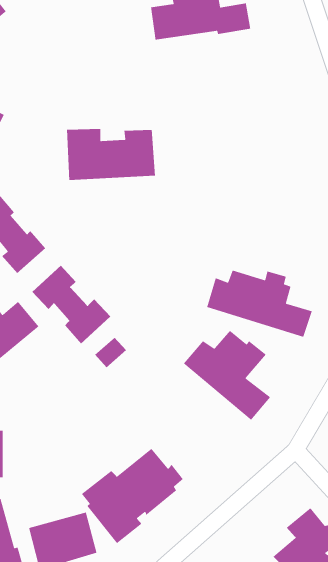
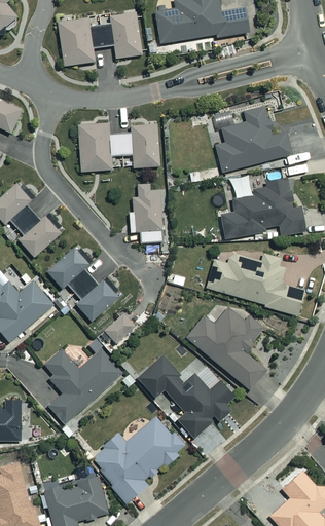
building: none -> [58,11,142,66]
building: none -> [216,107,292,173]
building: none -> [220,179,304,238]
building: none -> [129,183,162,243]
building: none -> [45,348,122,423]
building: none -> [138,355,233,439]

